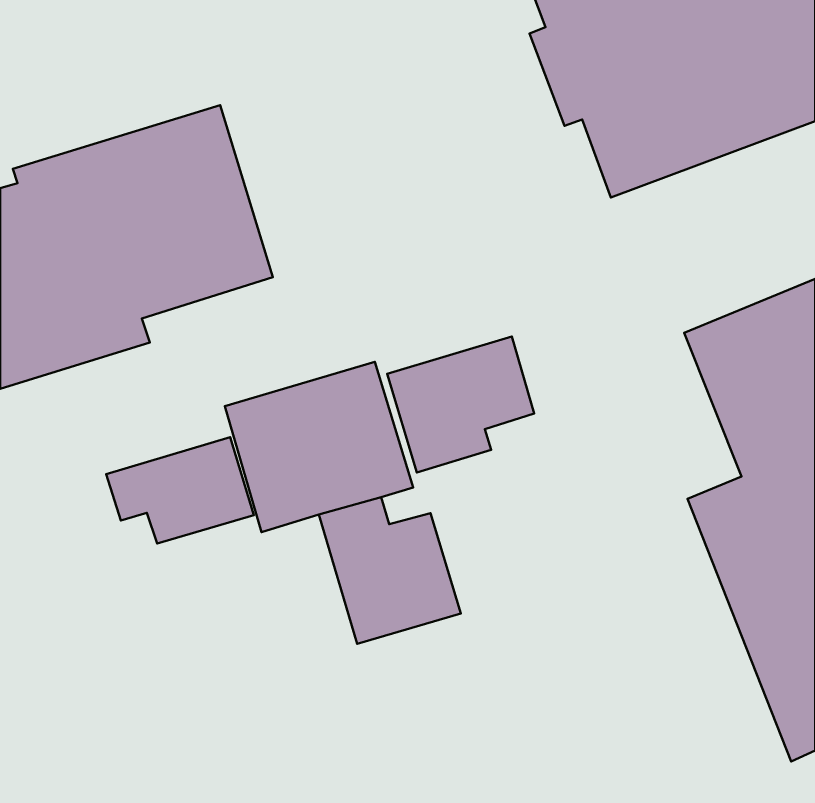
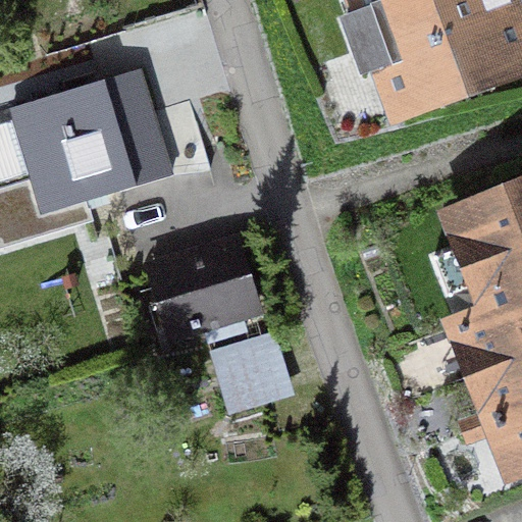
building: [387,336,534,473] -> none
building: [106,437,254,543] -> none

